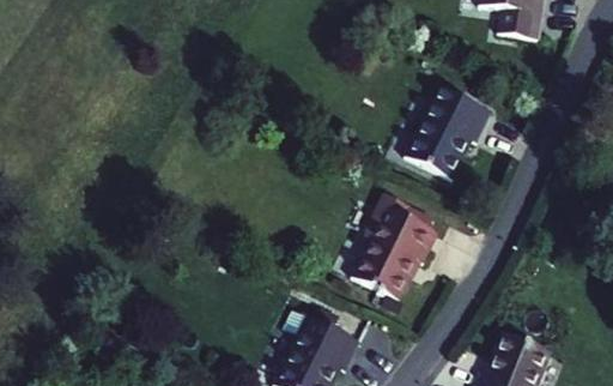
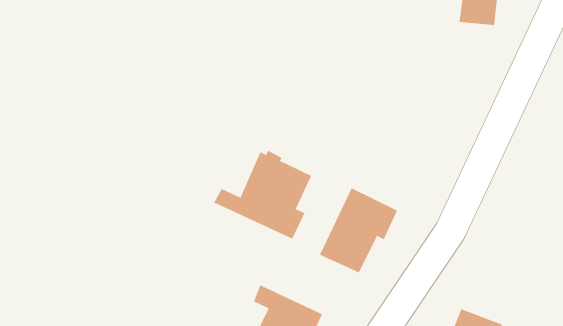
building: [407,88,491,177] -> none
building: none -> [213,150,312,240]

